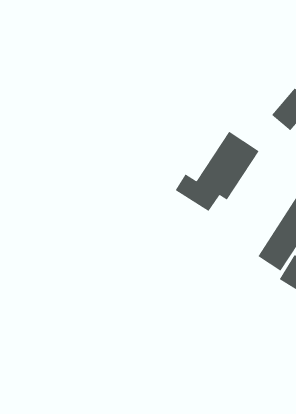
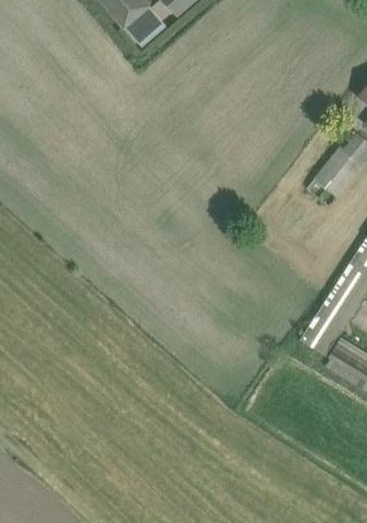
building: [175,131,259,212] -> none

